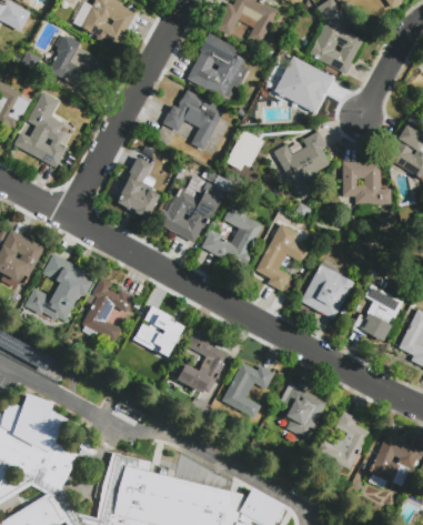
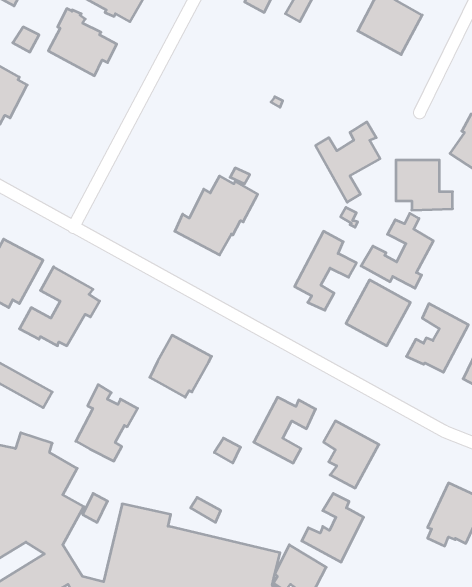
building: [188,33,249,98] -> none
building: [275,70,331,113] -> none
building: [162,89,223,149] -> none
building: [13,91,66,166] -> none
building: [225,130,262,170] -> none
building: [113,155,159,218] -> none
building: [201,202,262,265] -> [361,213,433,288]
building: [82,276,134,341] -> [76,385,138,461]
building: [177,331,229,392] -> none
building: [318,412,370,470] -> [302,493,364,562]

